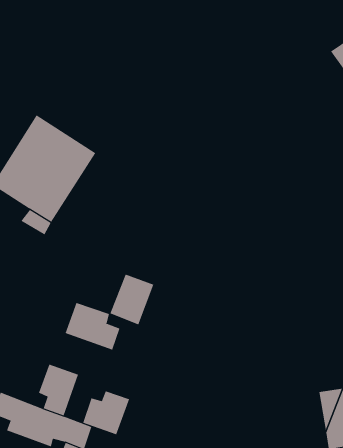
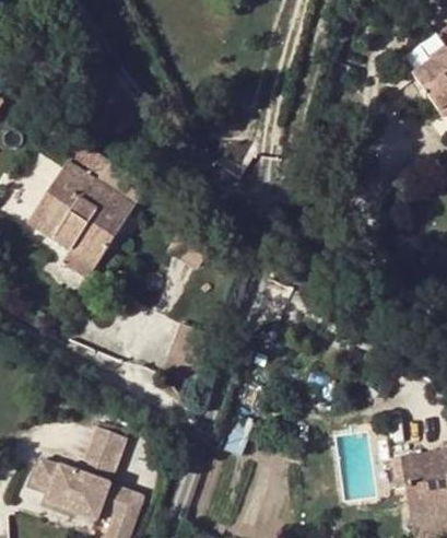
building: [65,302,120,351] -> none
building: [82,390,130,435] -> none

